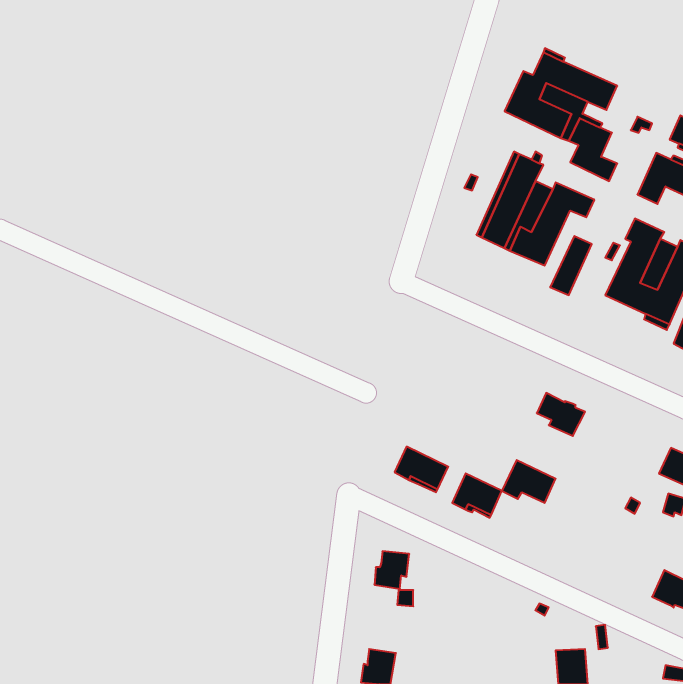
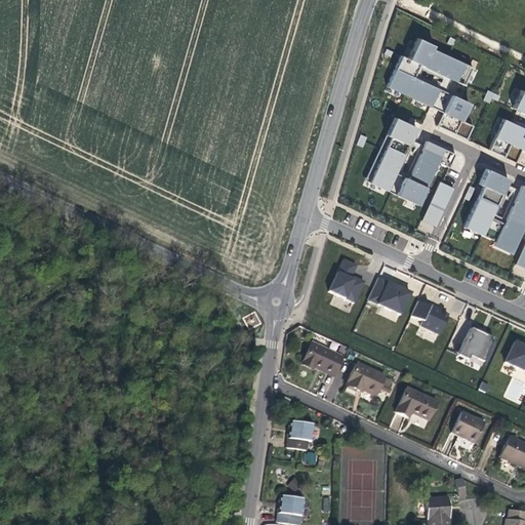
building: none -> [330,259,365,302]
building: none -> [369,278,411,314]
building: none -> [458,329,494,365]
building: [502,460,556,503] -> [397,388,438,420]
building: none -> [452,411,485,443]

